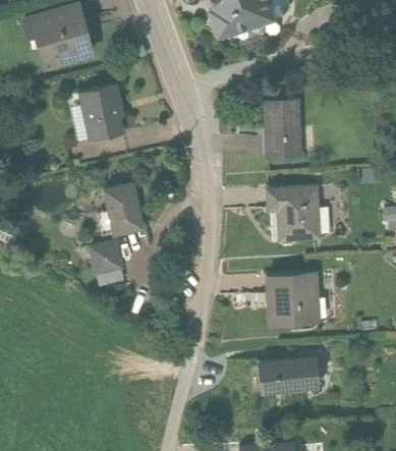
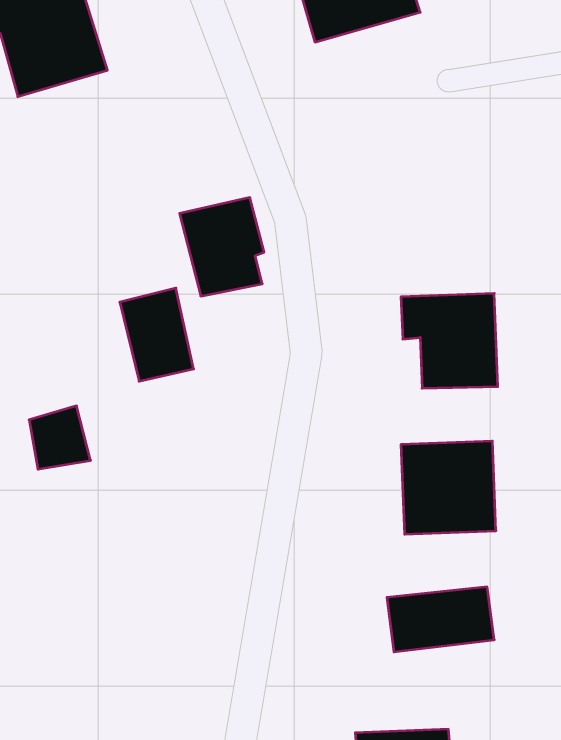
building: [77,84,126,142] -> [180,198,264,296]
building: [265,102,303,159] -> none
building: [90,240,125,277] -> [29,406,91,469]

